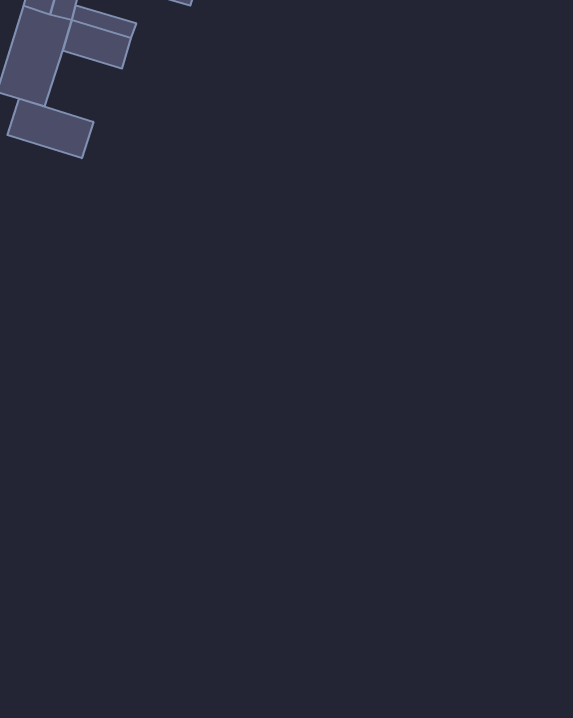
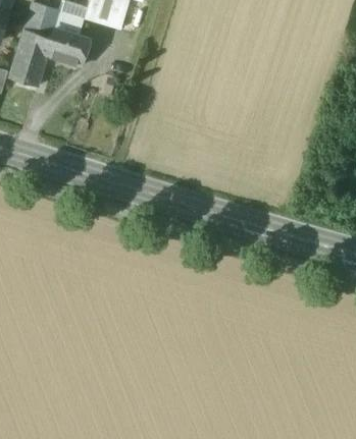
building: [7,99,93,158] -> none

